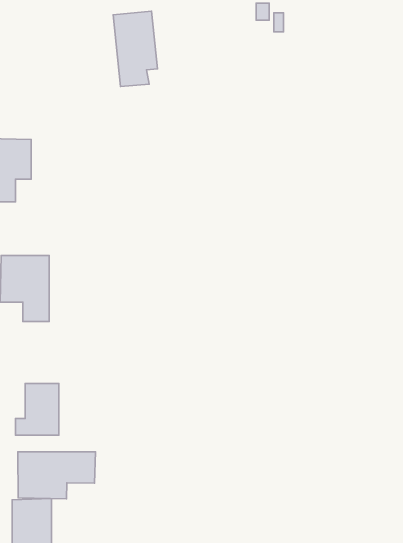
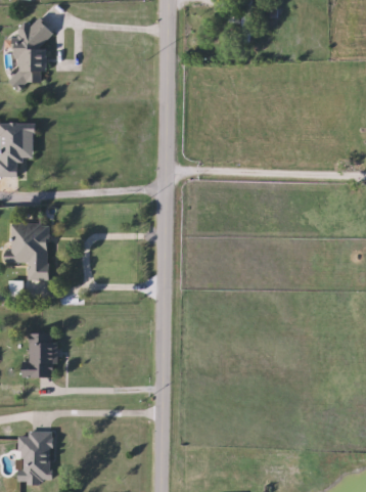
building: [113,11,157,87] -> [11,21,49,86]
building: [18,452,95,499] -> none

